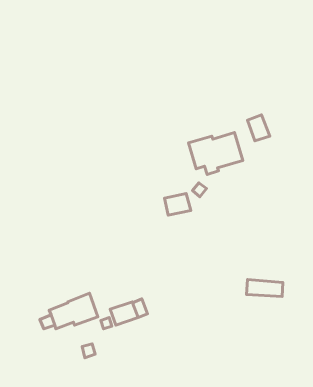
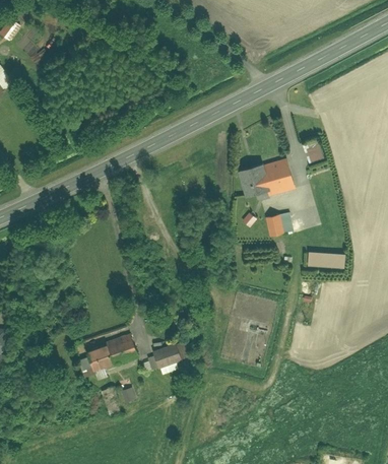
building: [165,194,191,215] -> [265,212,294,236]
building: [246,280,283,296] -> [307,250,346,268]

